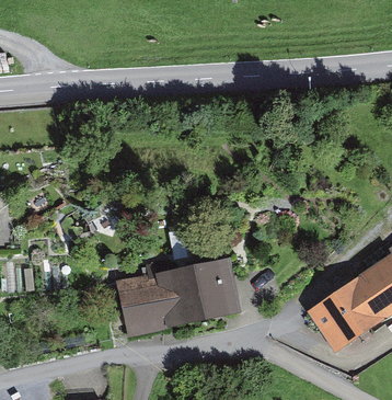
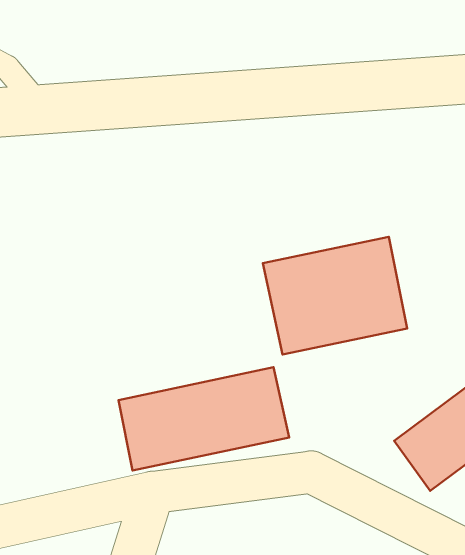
building: none -> [263,237,407,354]

